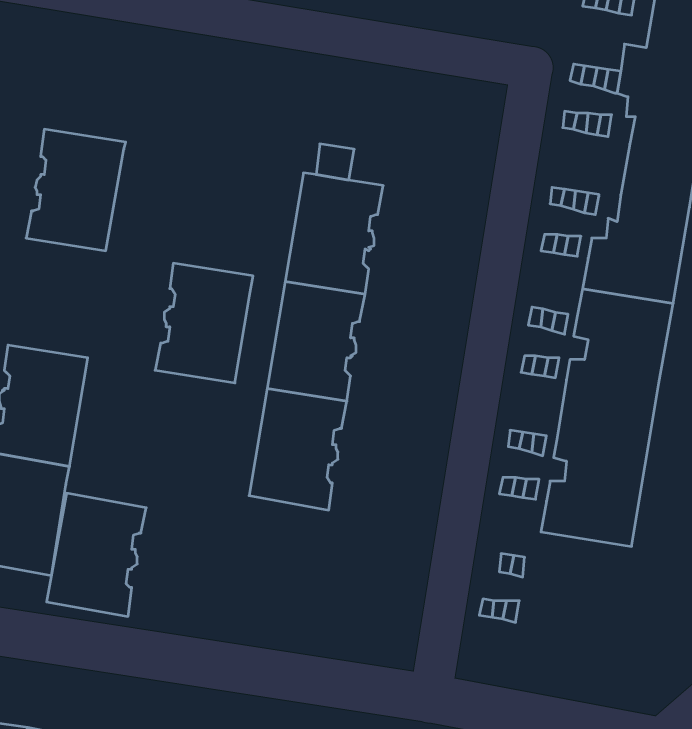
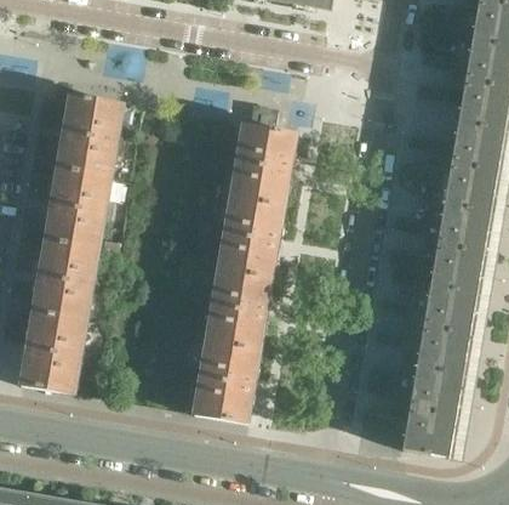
building: [155,263,253,383] -> [44,171,109,251]
building: [47,493,146,616] -> [191,344,258,426]
building: none -> [389,368,461,460]

